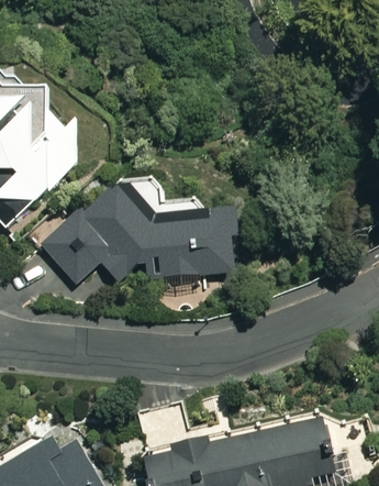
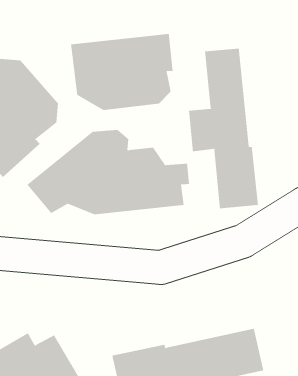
building: none -> [70,33,173,111]
building: none -> [188,48,259,209]

